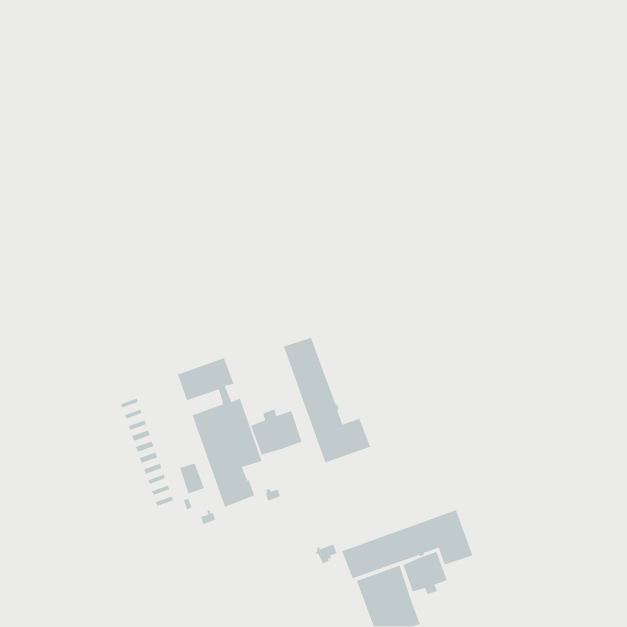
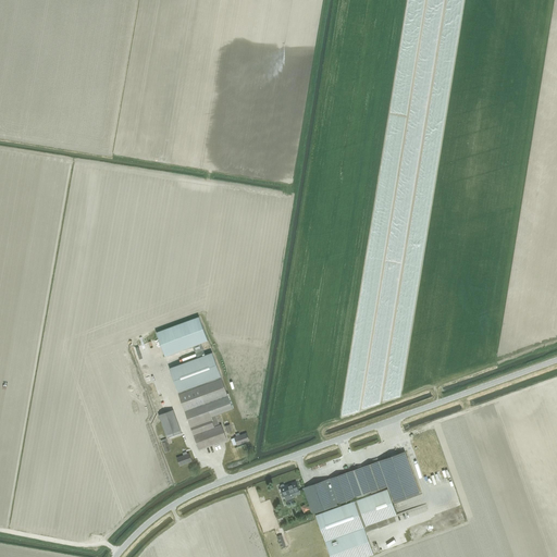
building: [283,337,371,463] -> none
building: [250,408,302,456] -> none

